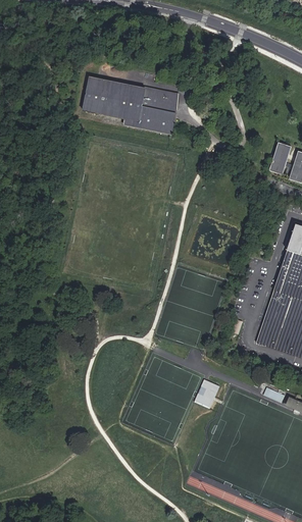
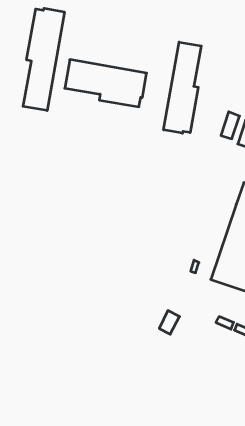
building: none -> [23,8,64,111]
building: none -> [164,42,201,133]

